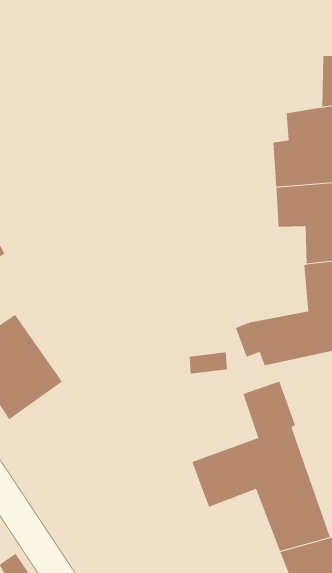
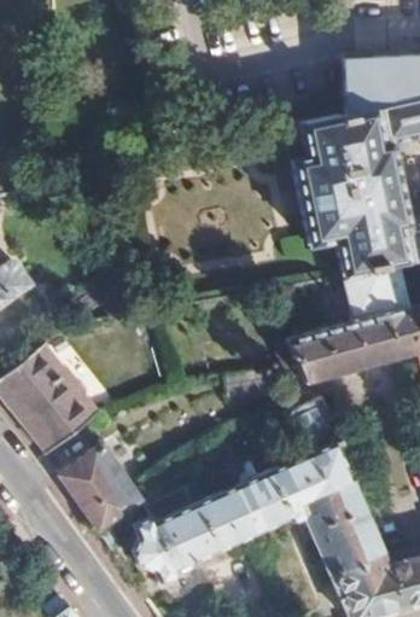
building: none -> [59,447,140,548]
building: none -> [133,489,256,584]

